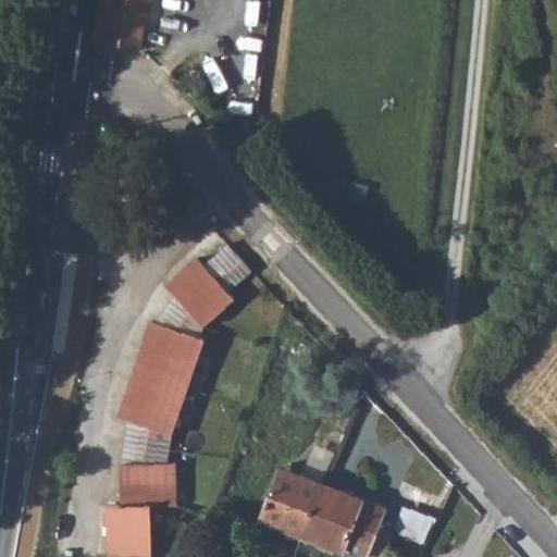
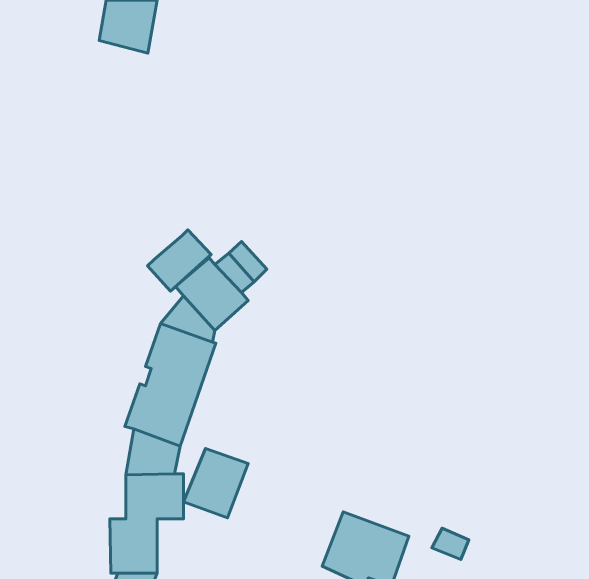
building: none -> [147,230,211,291]
building: [263,479,324,544] -> [184,449,248,518]

